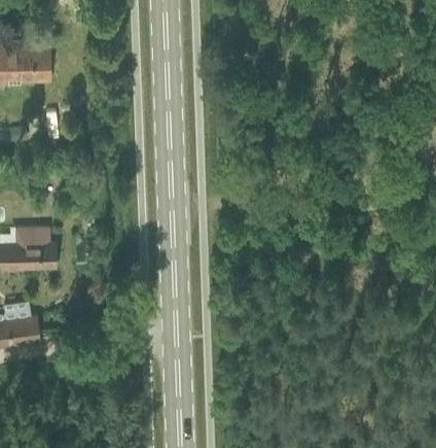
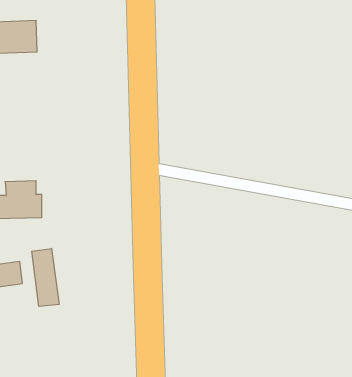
building: none -> [32,248,59,306]

